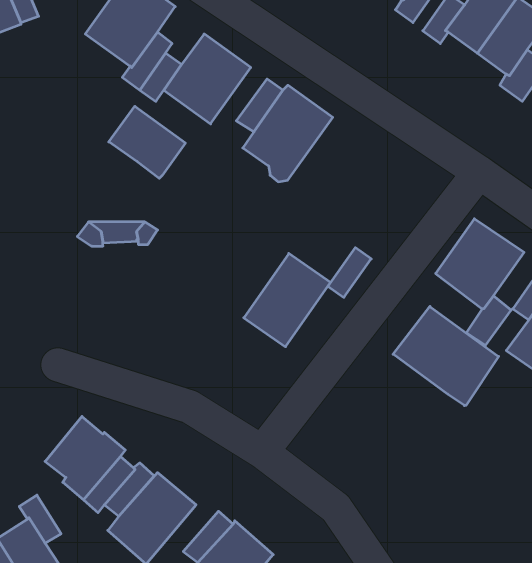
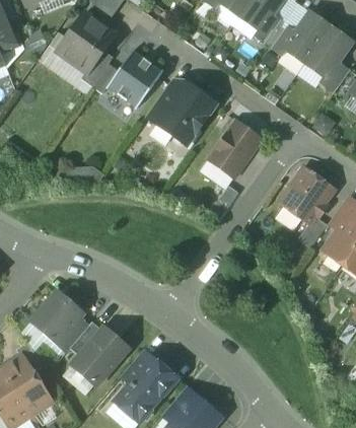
building: [109,106,185,178] -> none
building: [244,253,331,347] -> [207,120,262,179]
building: [393,306,499,406] -> none

